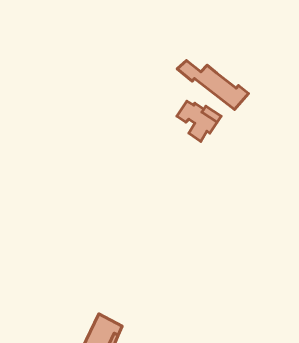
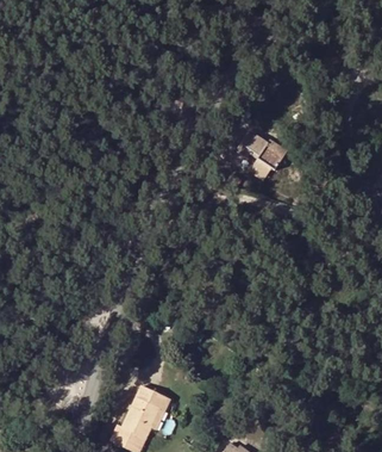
building: [177,60,248,109] -> none

